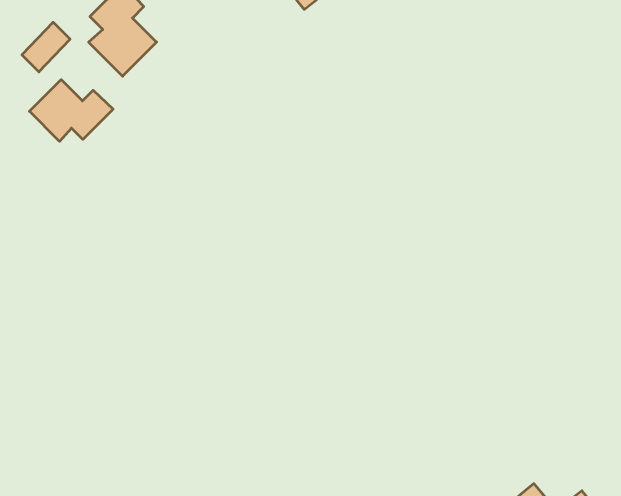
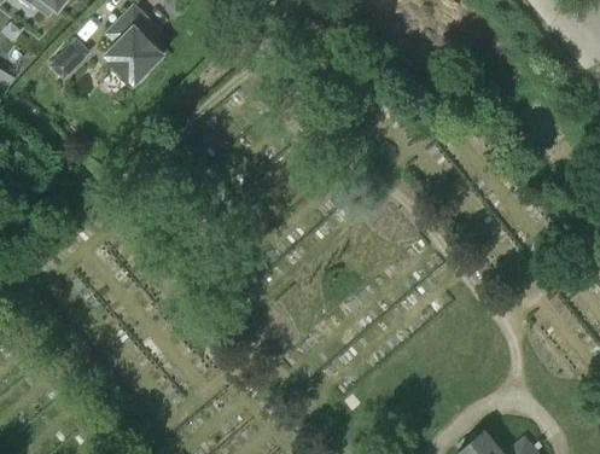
building: [29,80,113,141] -> none

